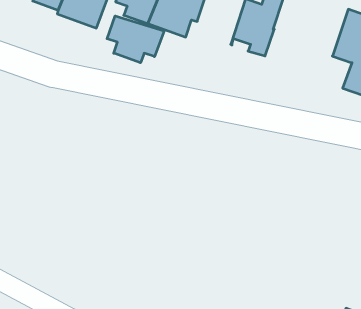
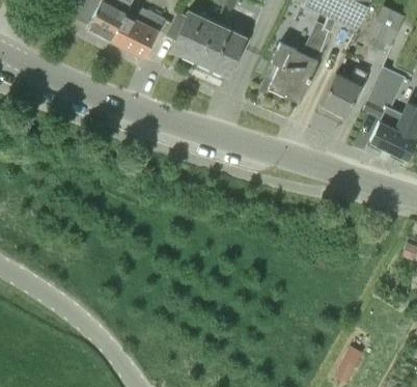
building: none -> [319,70,366,117]
building: [107,16,164,63] -> none

